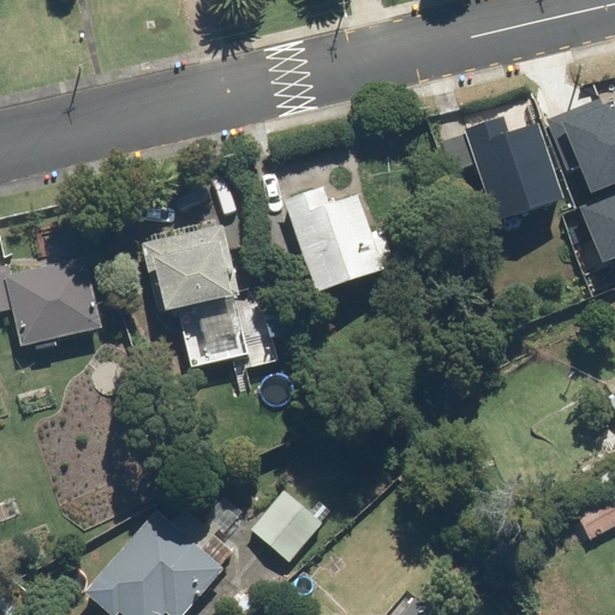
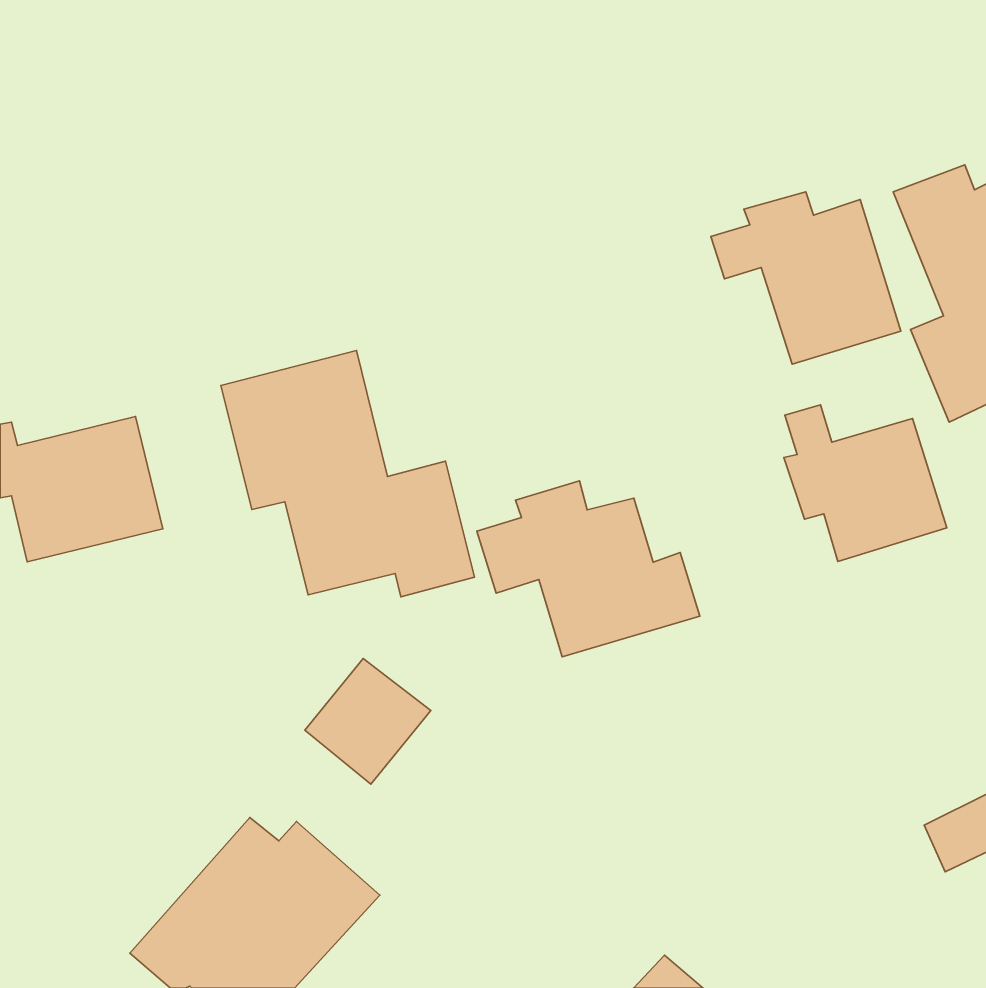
building: [261,185,399,294] -> [477,481,700,657]
building: none -> [784,405,947,562]
building: [249,486,327,565] -> [305,658,431,784]

